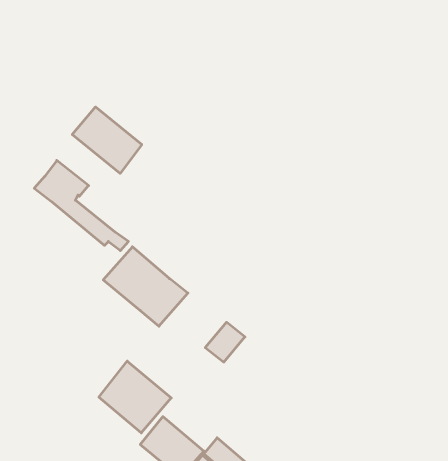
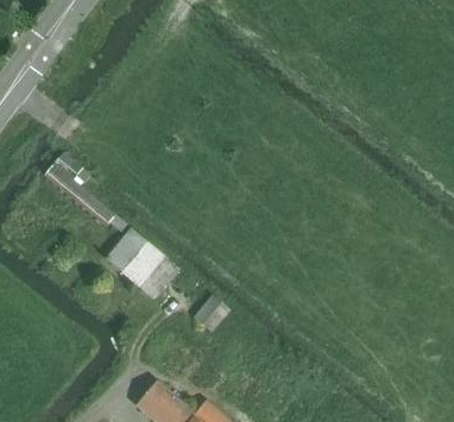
building: [72,107,142,173] -> none
building: [99,361,171,433] -> none

